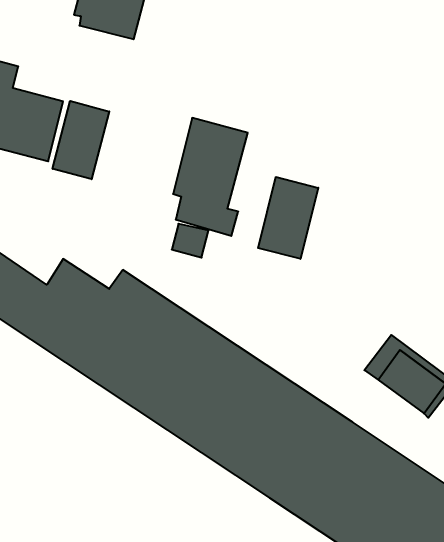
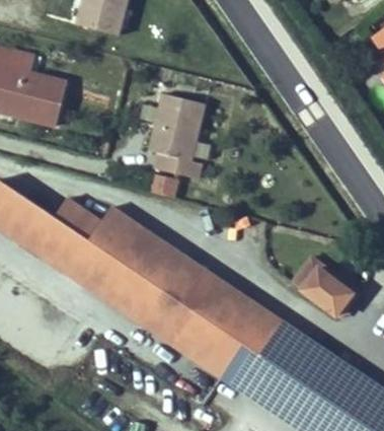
building: [53,101,109,179] -> none
building: [258,177,318,259] -> none

